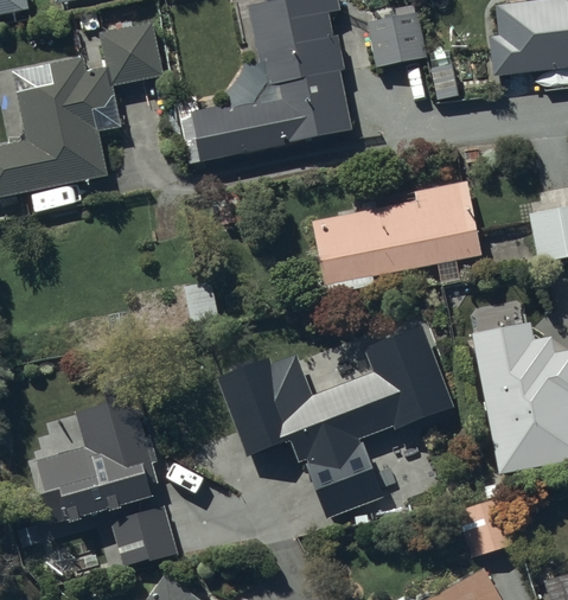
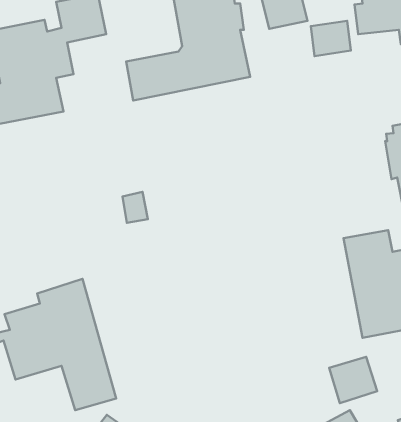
building: [312,179,481,293] -> none
building: [216,325,453,517] -> none

